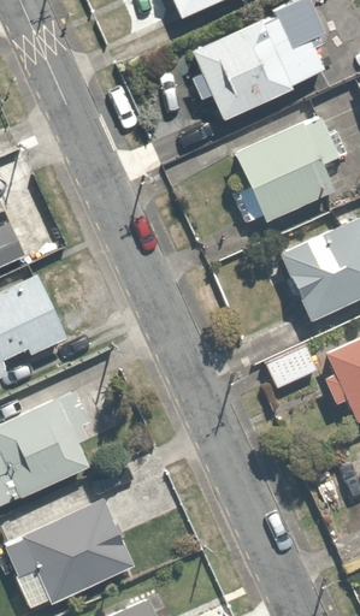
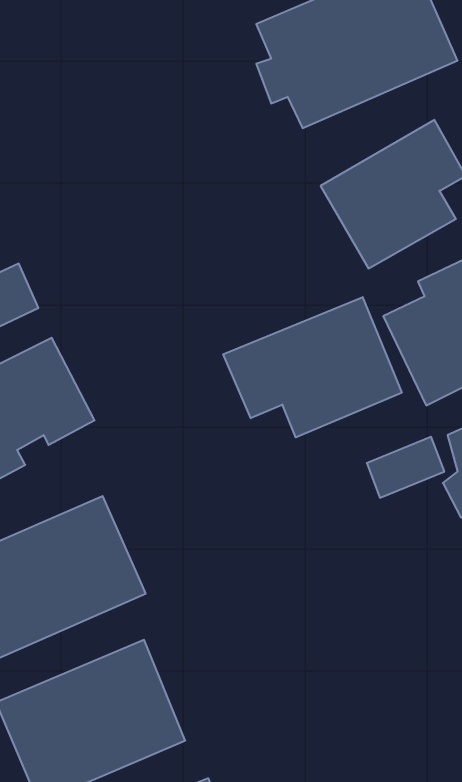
building: none -> [223,297,402,437]

